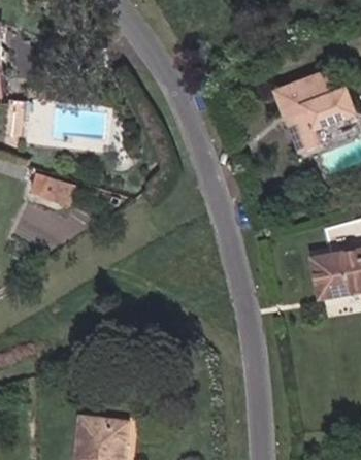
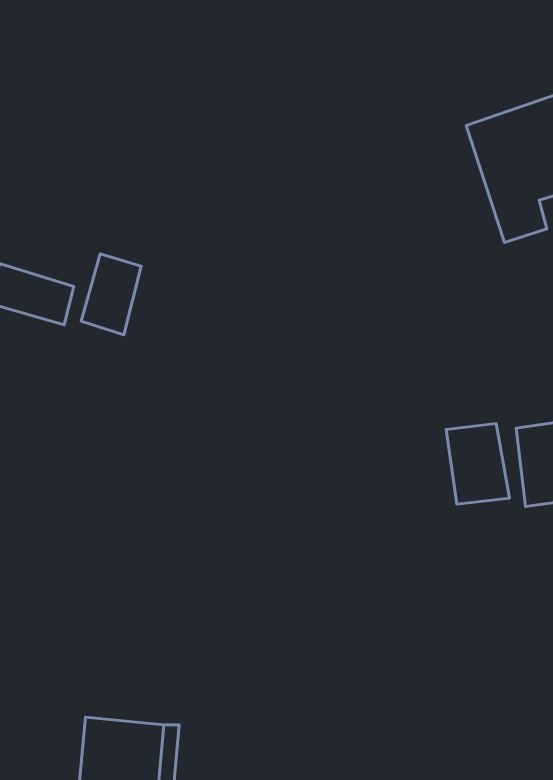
building: none -> [81,254,141,335]
building: none -> [446,423,509,504]

